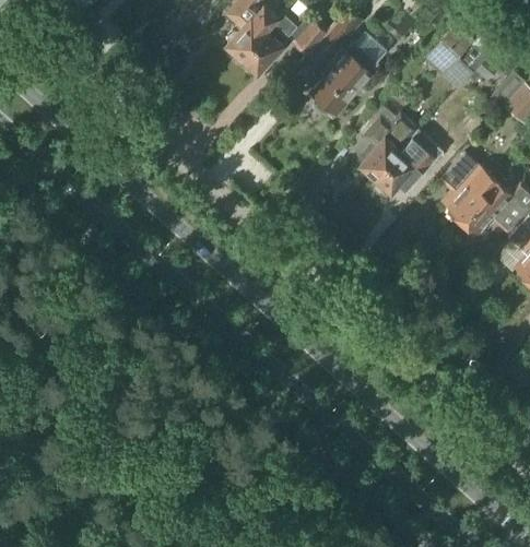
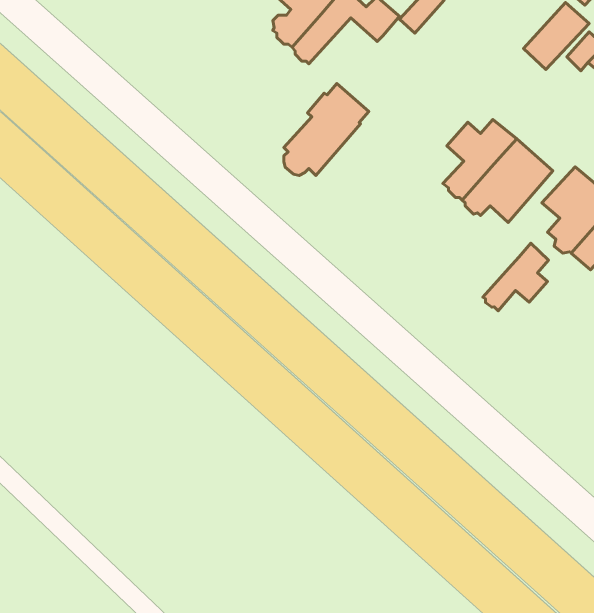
building: [311,41,378,114] -> [284,84,369,175]
building: none -> [483,243,548,311]

